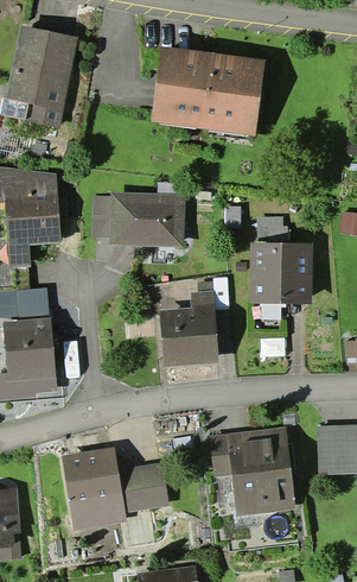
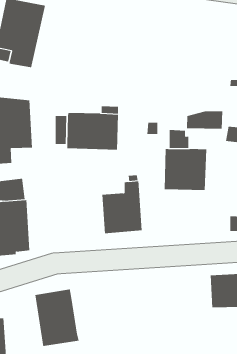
building: [149,45,264,135] -> none
building: none -> [187,110,223,130]
building: [210,426,295,517] -> none
building: [116,457,168,512] -> none

